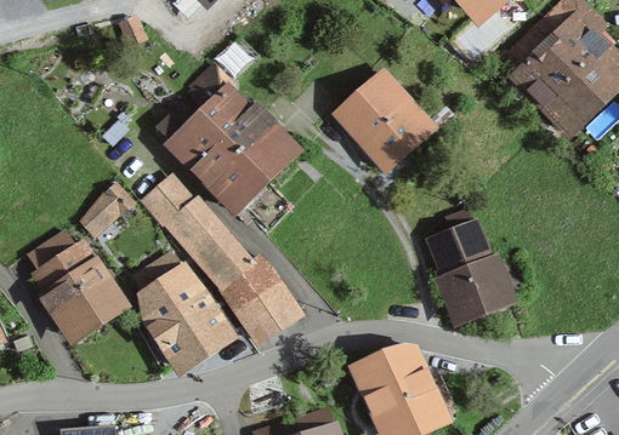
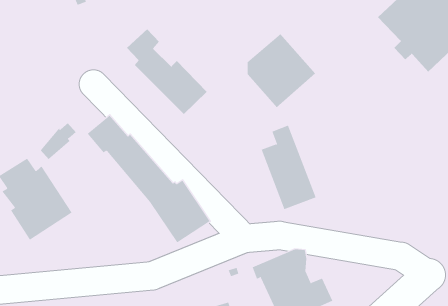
building: [170,115,263,210] -> none
building: [433,211,504,319] -> [261,125,316,210]
building: [135,256,228,368] -> none

